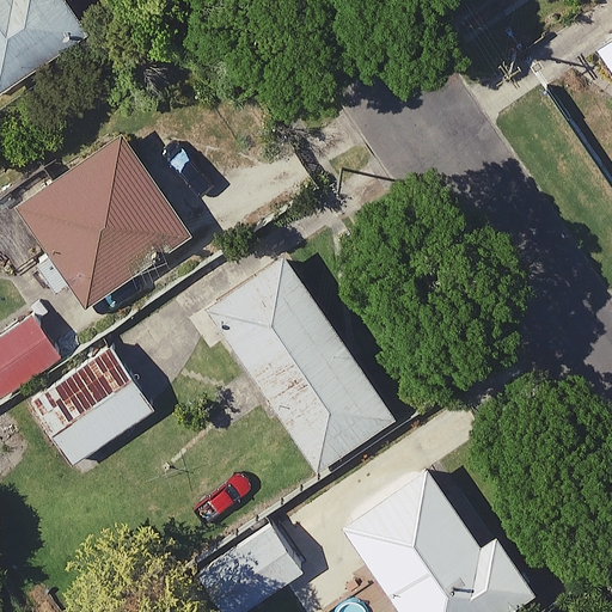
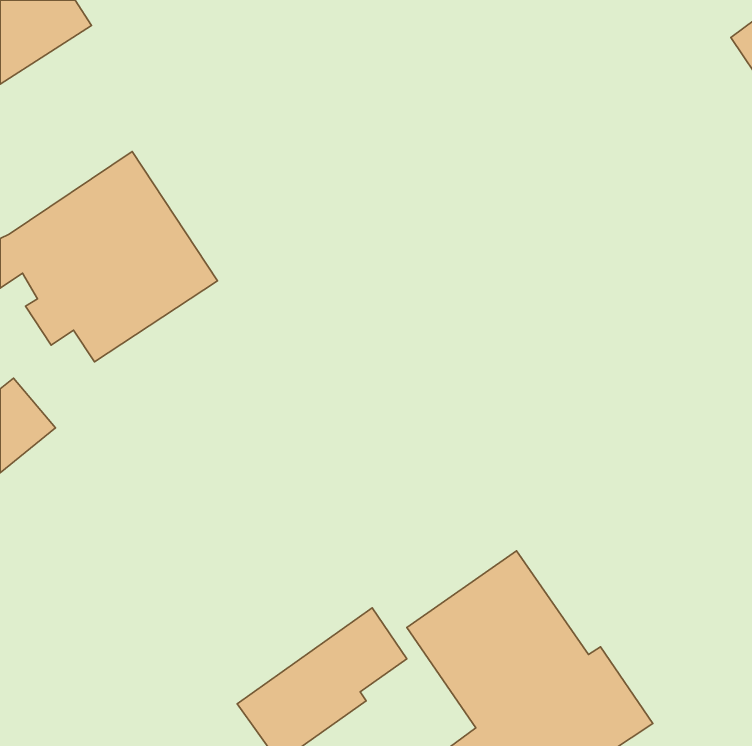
building: [209,257,393,470] -> none
building: [31,348,153,466] -> none

